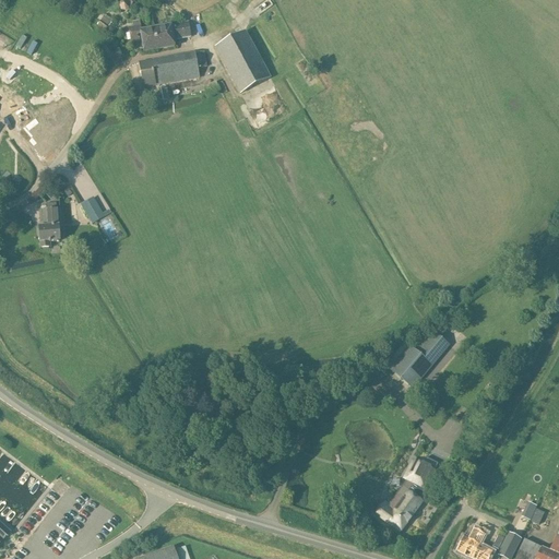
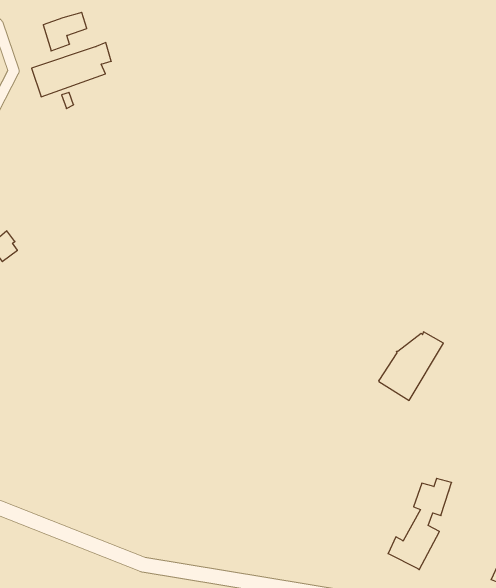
building: [129,22,157,51] -> none
building: [214,29,271,93] -> none

